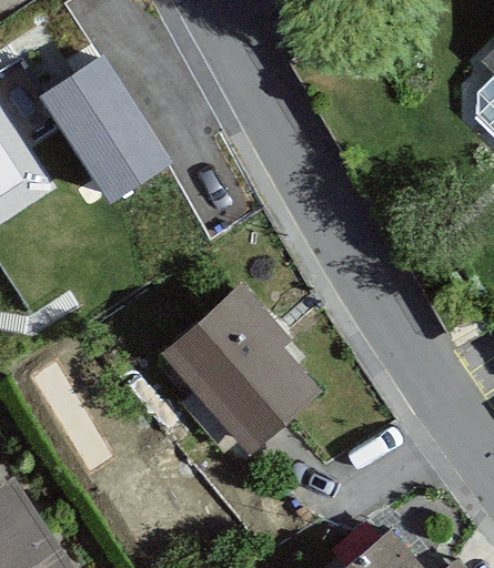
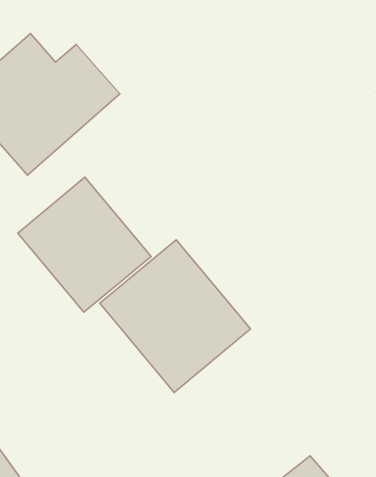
building: none -> [18,177,151,312]

